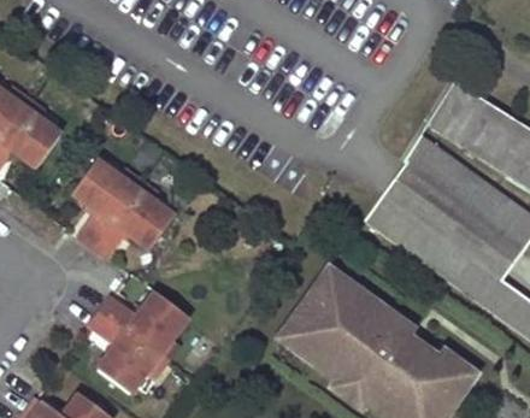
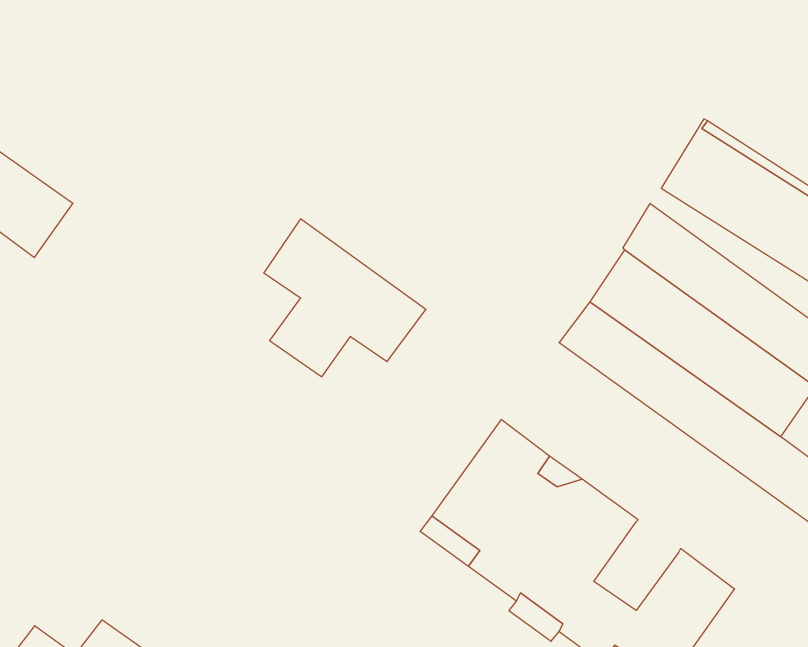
building: [73,159,175,258] -> [264,219,426,377]
building: [90,292,188,393] -> none
building: [387,332,440,388] -> none

